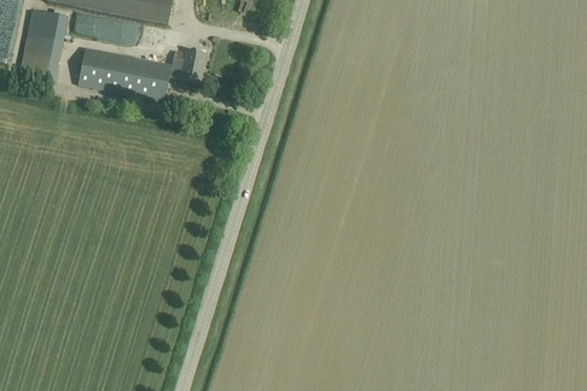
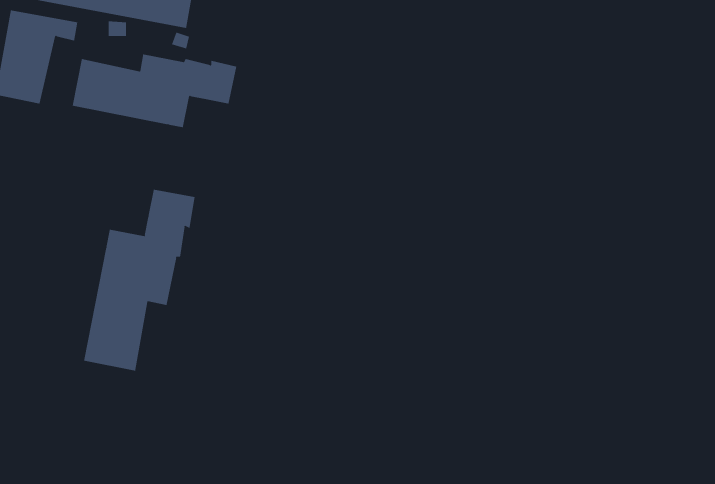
building: none -> [83,189,195,371]

